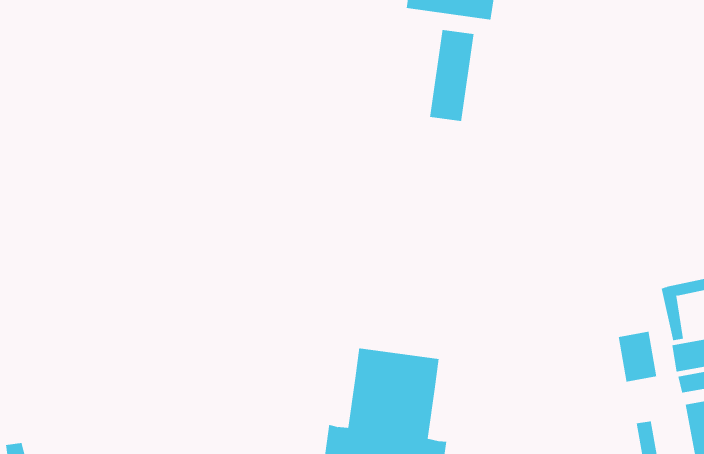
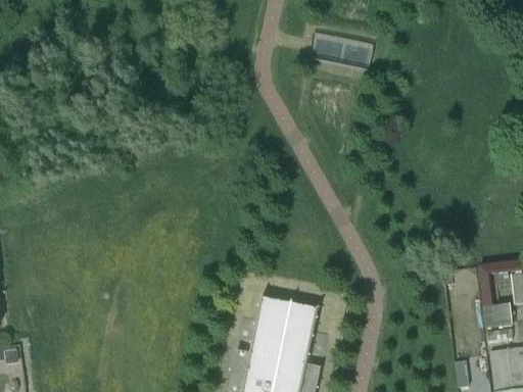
building: [430,29,474,122] -> none
building: [618,331,657,382] -> none

